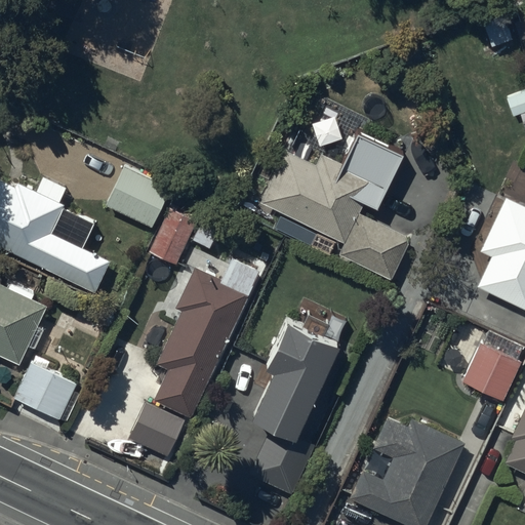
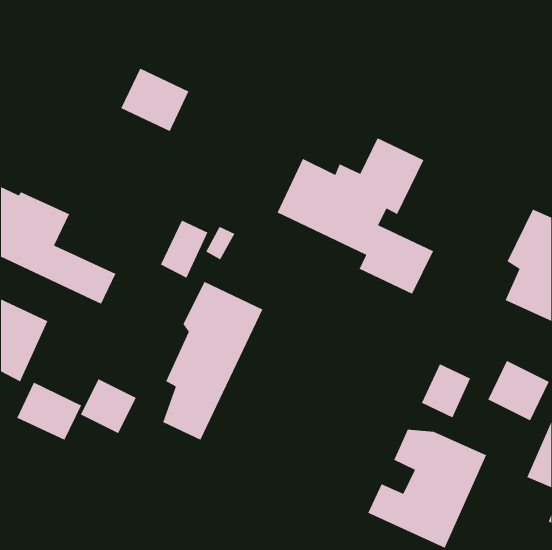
building: [107,167,172,229] -> [120,67,189,132]
building: [248,319,341,497] -> none
building: none -> [421,363,471,418]
building: [130,404,185,457] -> [80,378,137,434]

